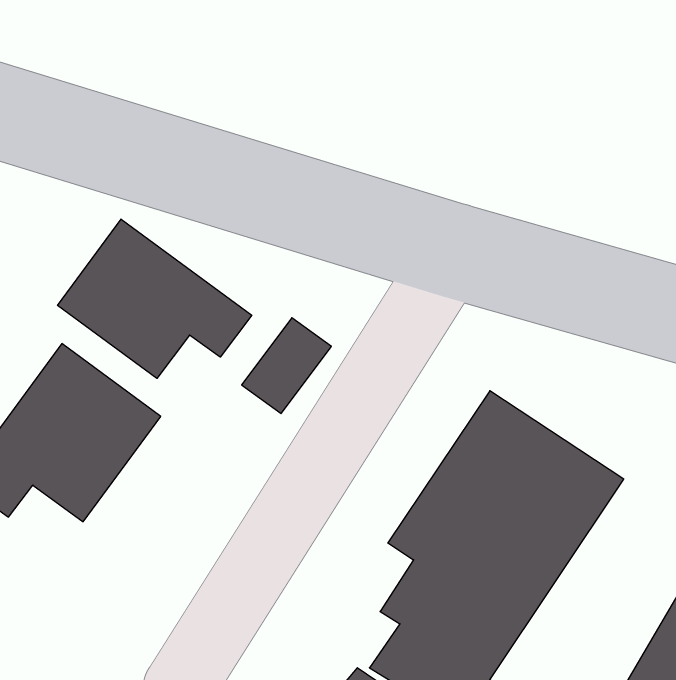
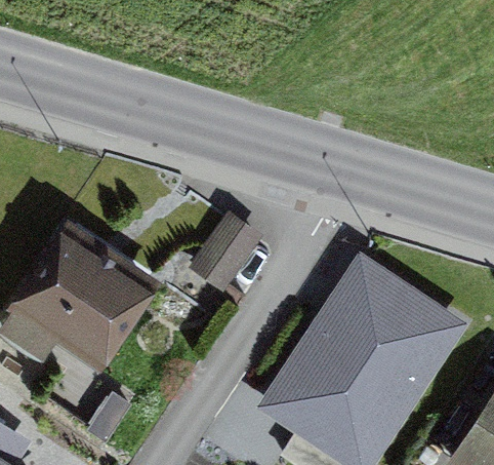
building: [58,219,252,378] -> none

